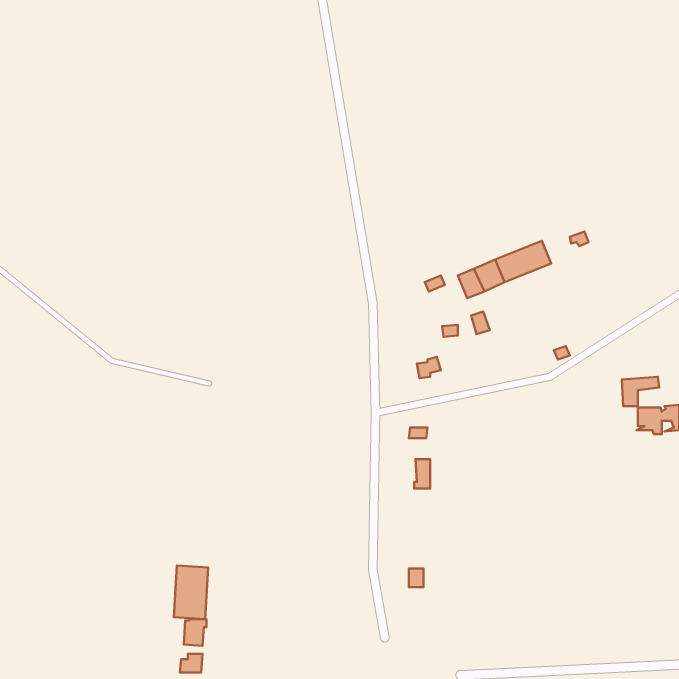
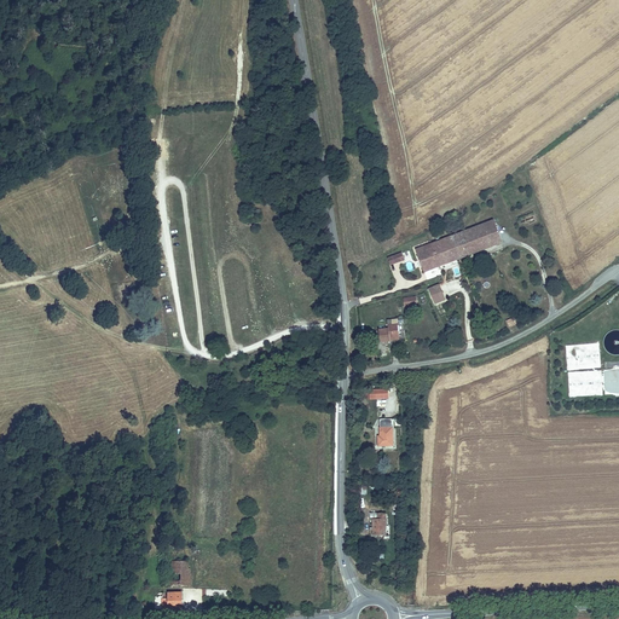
building: [174,566,208,619] -> none

